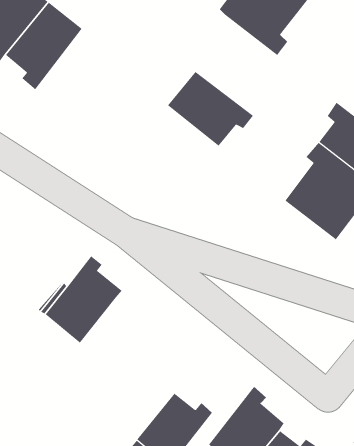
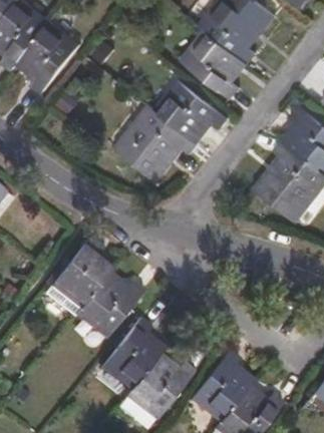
building: none -> [181,30,249,99]
building: none -> [114,103,199,181]
building: none -> [76,272,145,339]
building: none -> [99,315,165,391]

